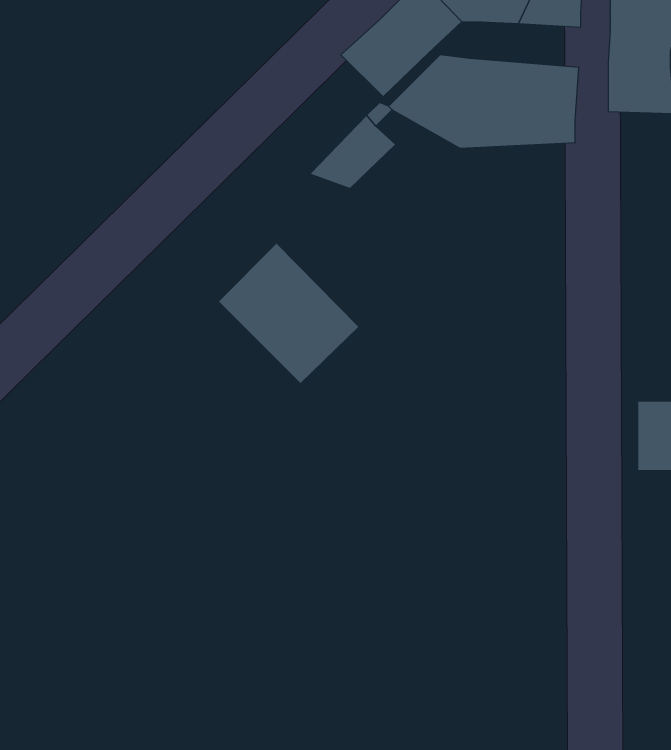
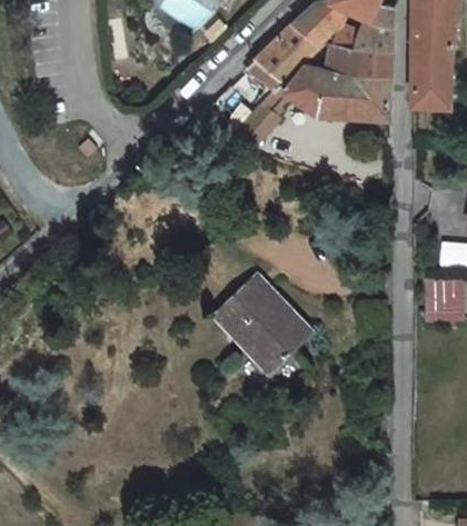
building: none -> [325,48,393,76]
building: [218,243,359,384] -> [220,278,306,364]

